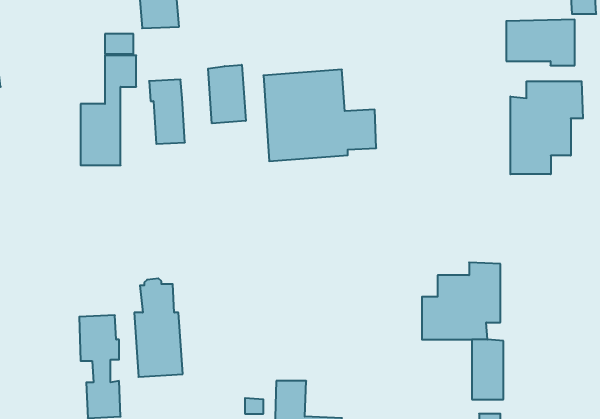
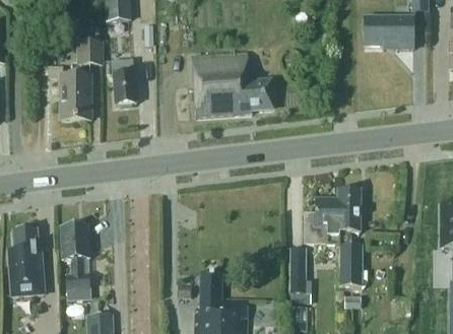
building: [208,65,246,123] -> none
building: [510,81,583,174] -> none
building: [134,278,183,377] -> [9,225,44,295]
building: none -> [289,248,312,293]

